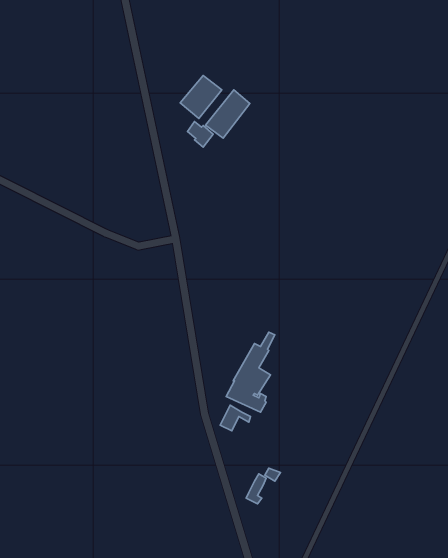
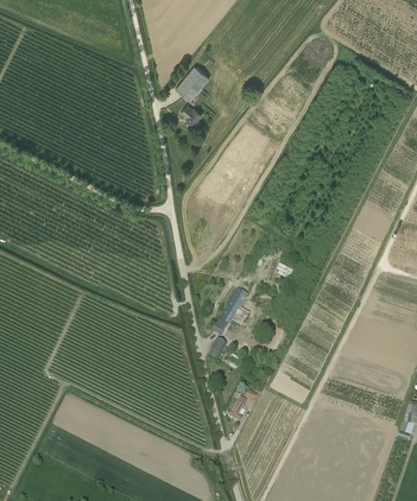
building: [206,90,250,138] -> none

